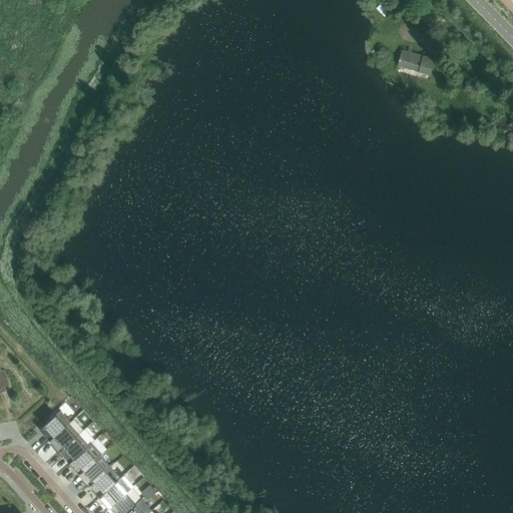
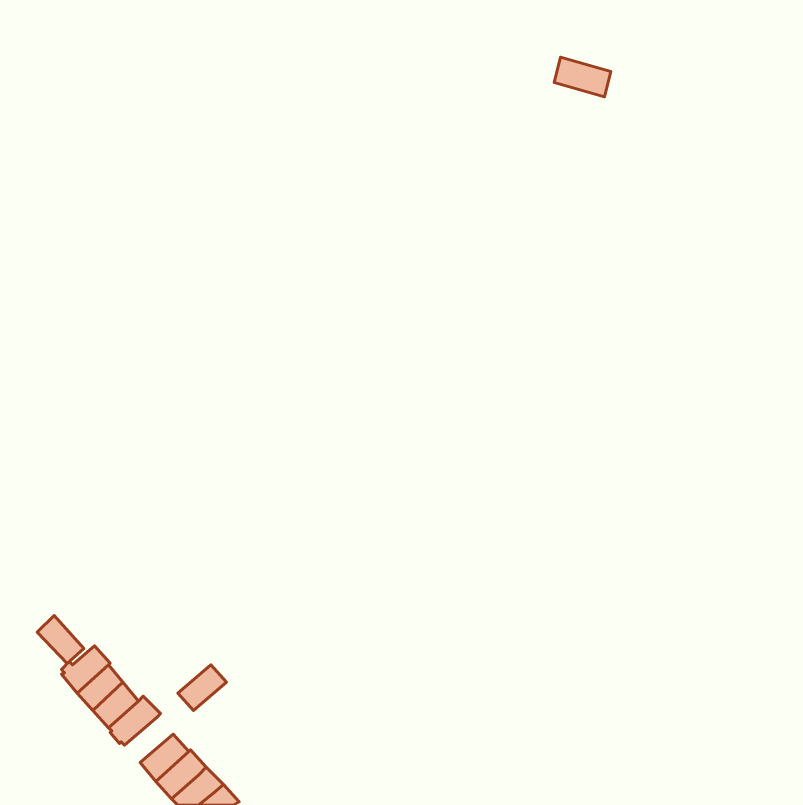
building: [399,50,435,75] -> [554,57,611,97]
building: none -> [37,616,84,664]
building: [80,456,111,485] -> [178,665,227,710]

